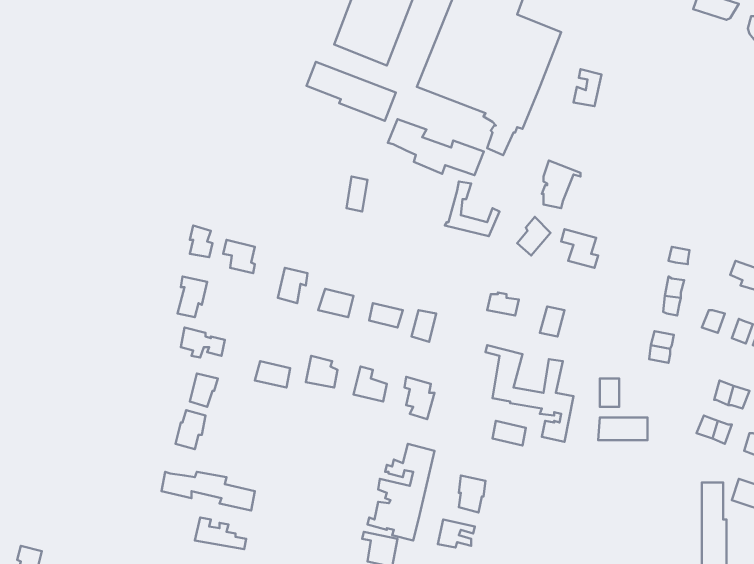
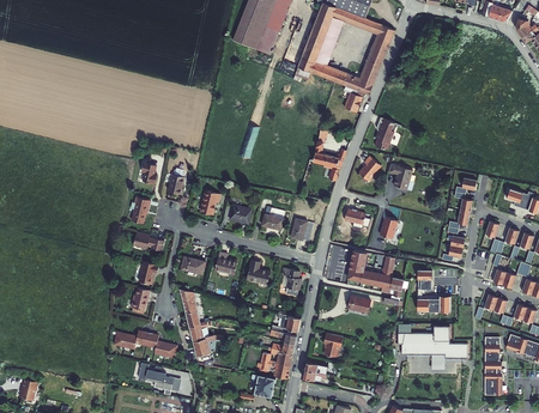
building: [306,62,396,121] -> none
building: [388,119,484,175] -> none
building: none -> [181,286,226,354]
building: none -> [399,327,468,370]

